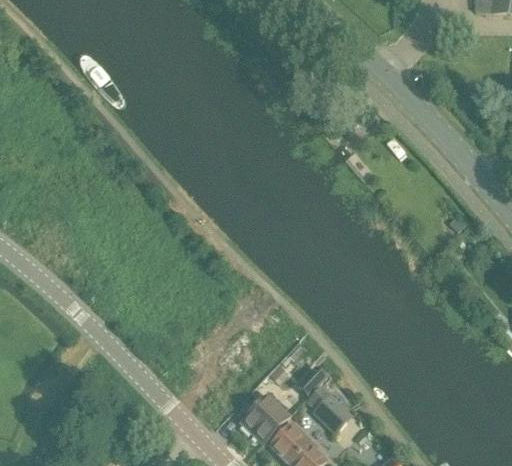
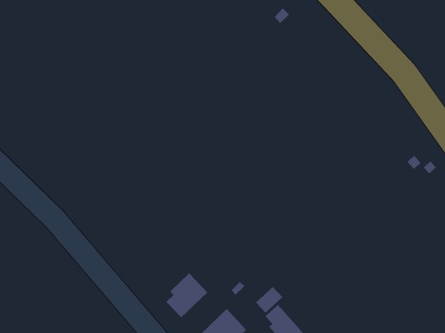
building: none -> [166,273,208,318]

